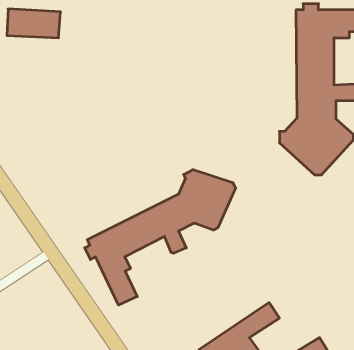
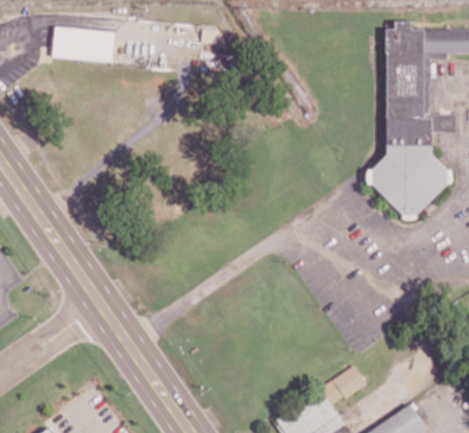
building: [85,170,236,305] -> none

